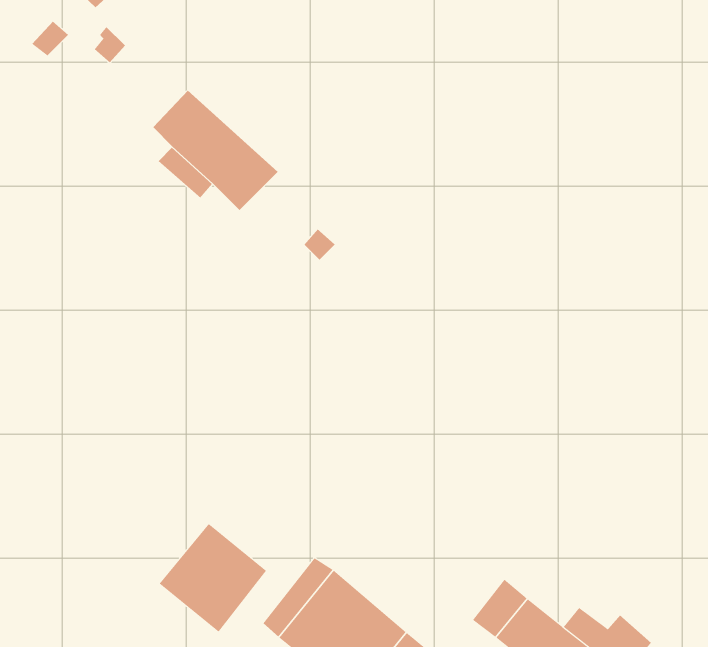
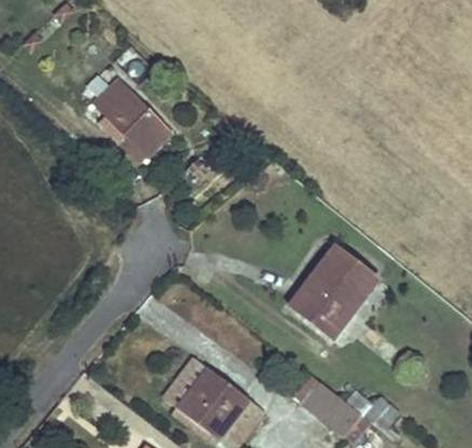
building: none -> [289,253,375,341]
building: [159,523,267,632] -> none

